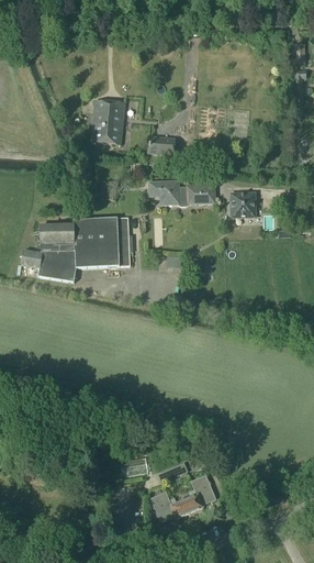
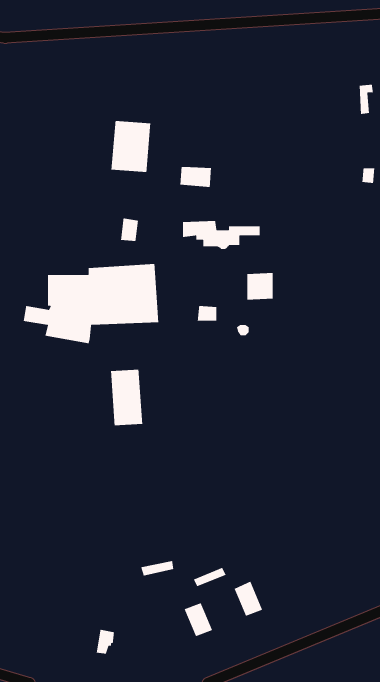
building: [233,192,255,216] -> [246,272,273,300]
building: none -> [110,369,143,426]
building: [169,488,204,518] -> none

